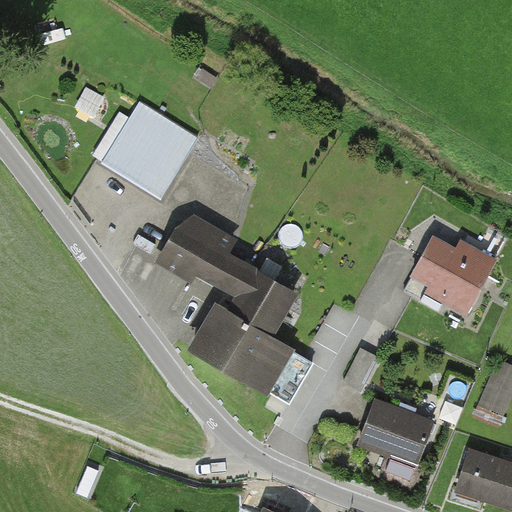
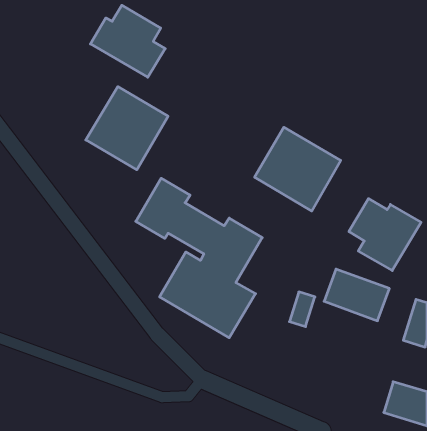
building: none -> [90,5,165,77]
building: none -> [255,127,341,211]
building: [356,401,433,462] -> [324,269,389,321]

